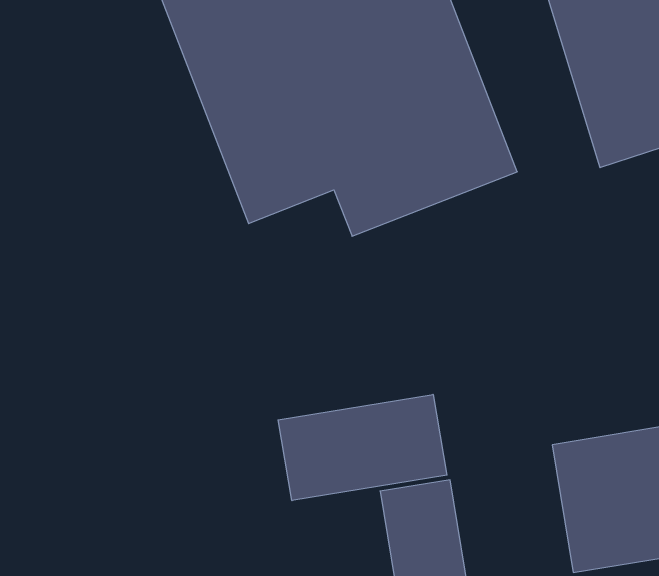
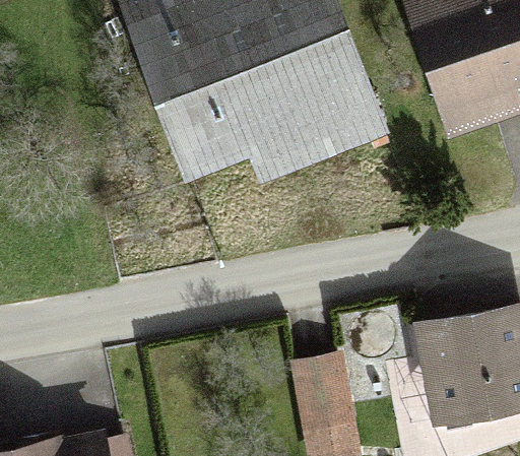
building: [278,394,447,501] -> none

